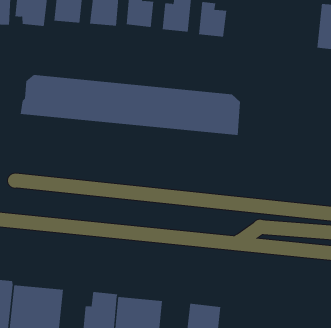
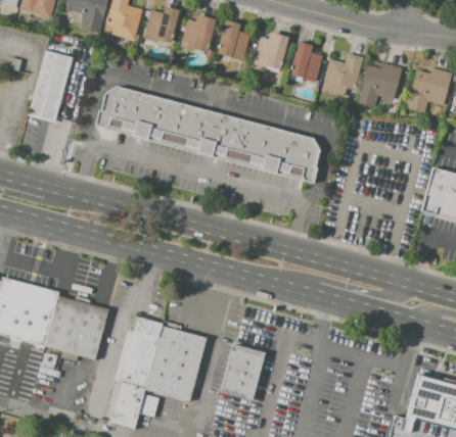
building: none -> [321,53,363,97]
building: none -> [356,57,402,107]

